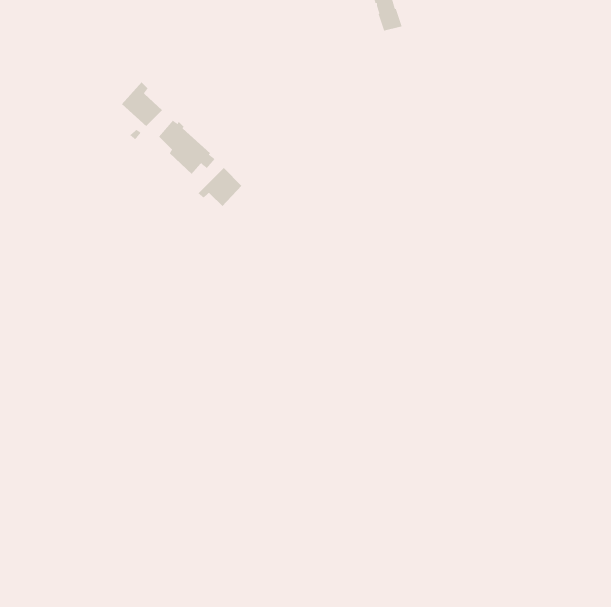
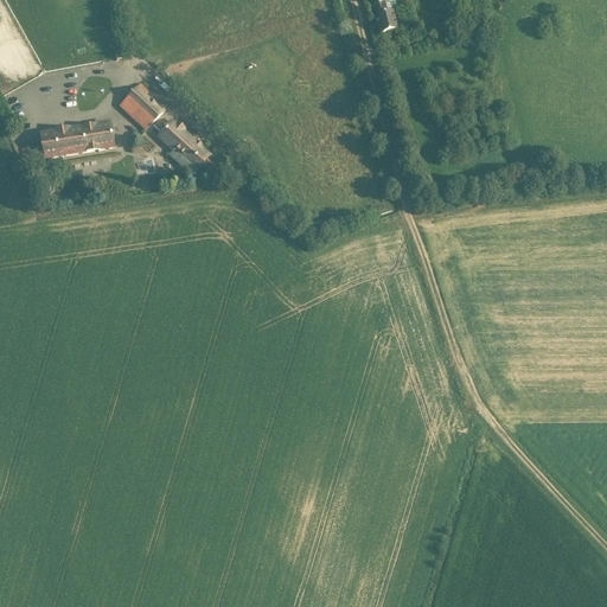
building: none -> [39,120,114,156]
building: [197,167,242,207] -> none

